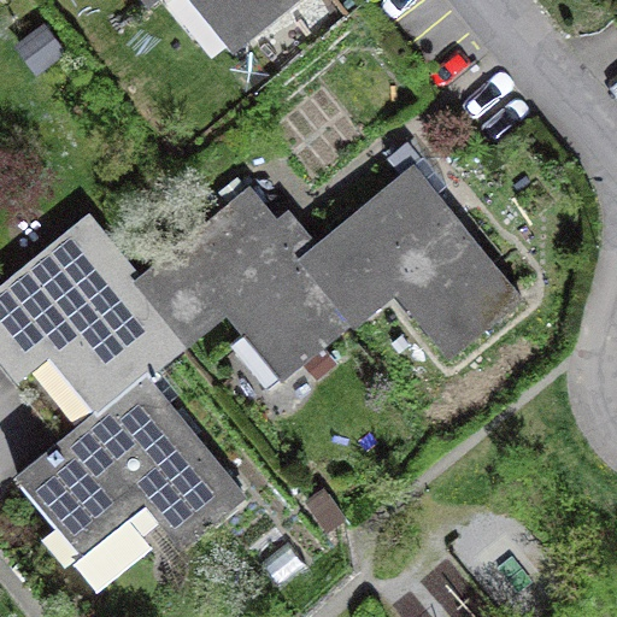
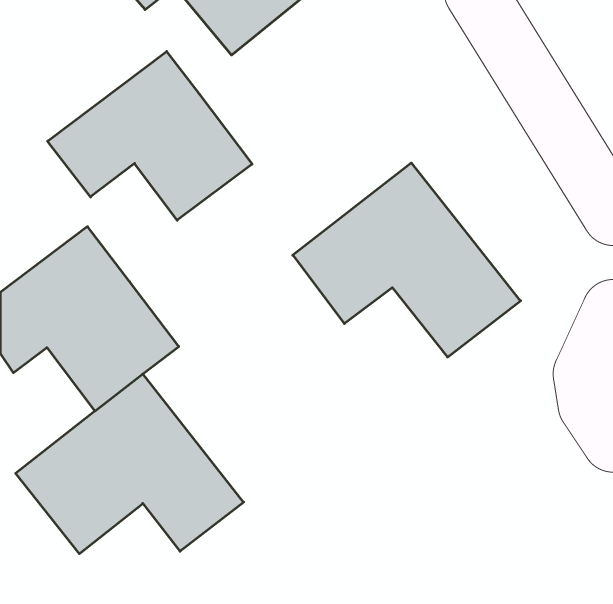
building: none -> [48,51,252,220]
building: [130,195,346,380] -> none

